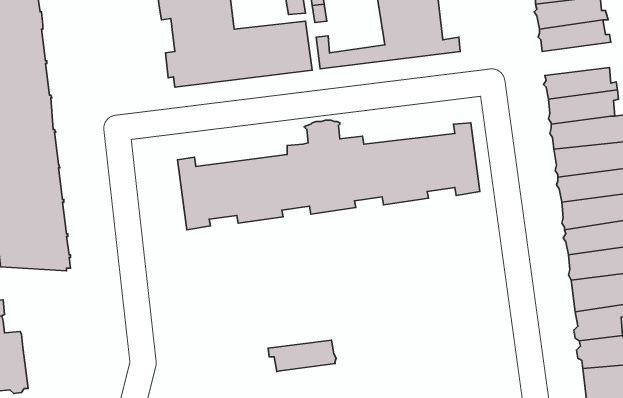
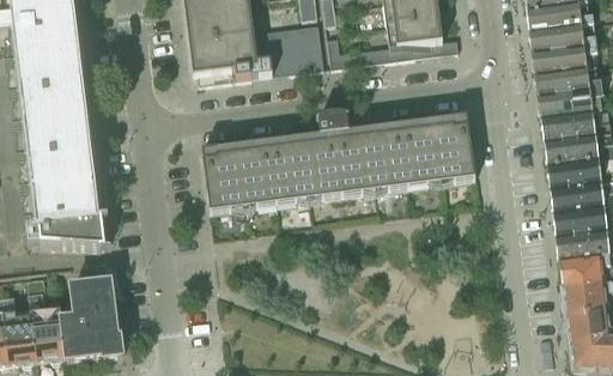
building: none -> [532,42,595,72]
building: none -> [61,281,122,359]
building: [268,340,336,372] -> none

